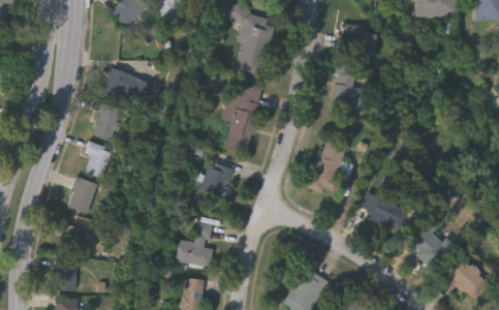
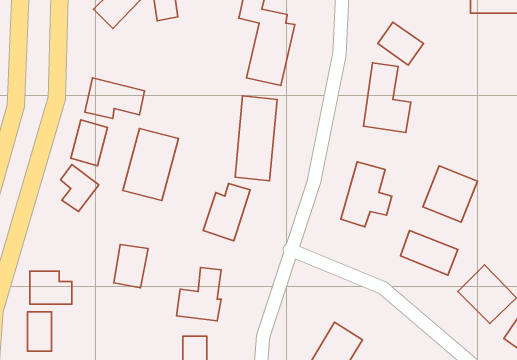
building: none -> [123,129,179,200]
building: none -> [423,166,478,222]
building: [68,178,96,213] -> [114,245,148,288]

